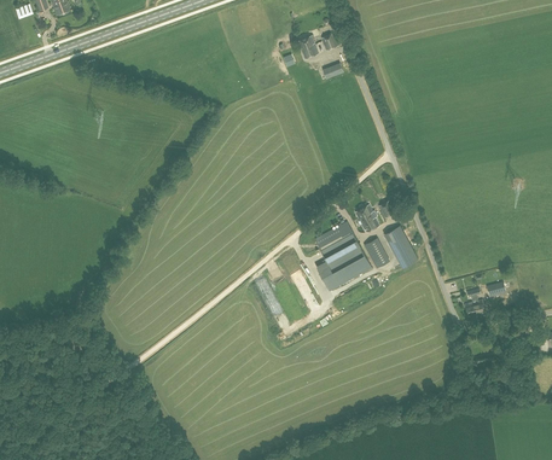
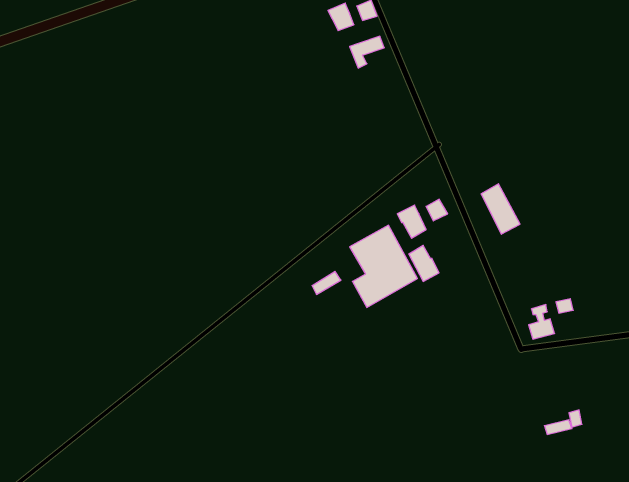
building: [384,226,417,268] -> [481,184,520,234]

